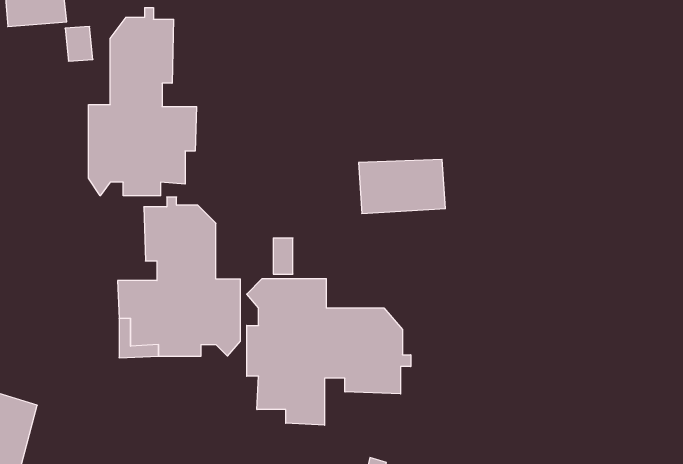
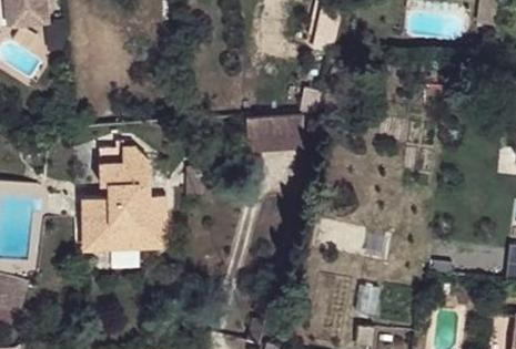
building: [89,8,197,196] -> none
building: [247,279,411,425] -> none

